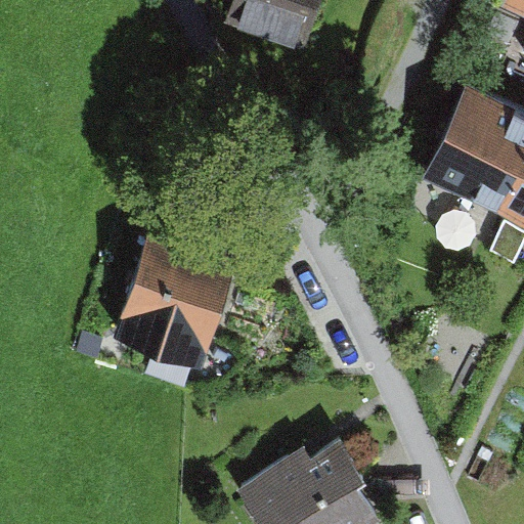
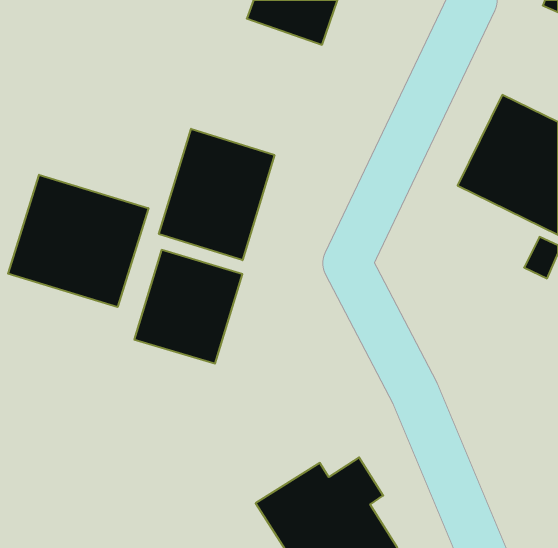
building: none -> [159,129,274,260]
building: none -> [8,175,148,307]

